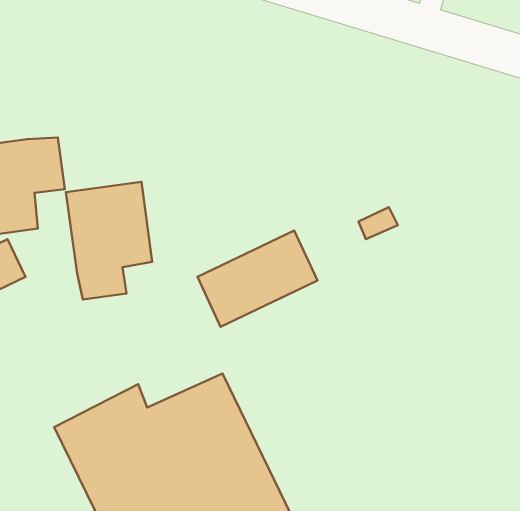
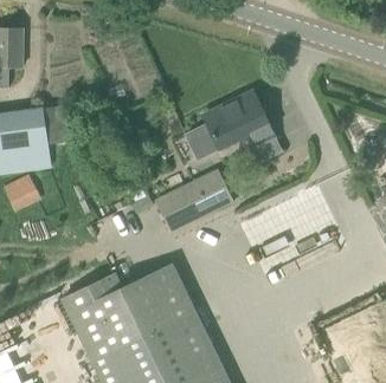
building: none -> [187,92,282,161]
building: [66,182,152,300] -> none

